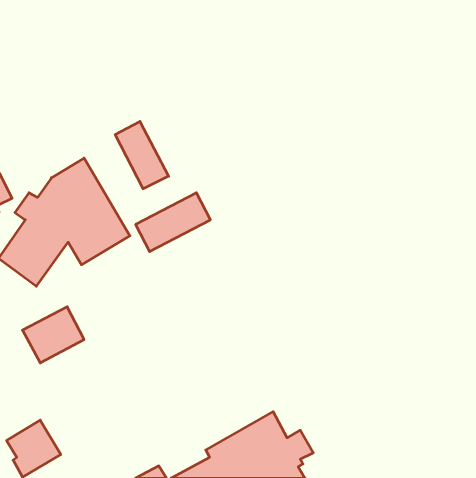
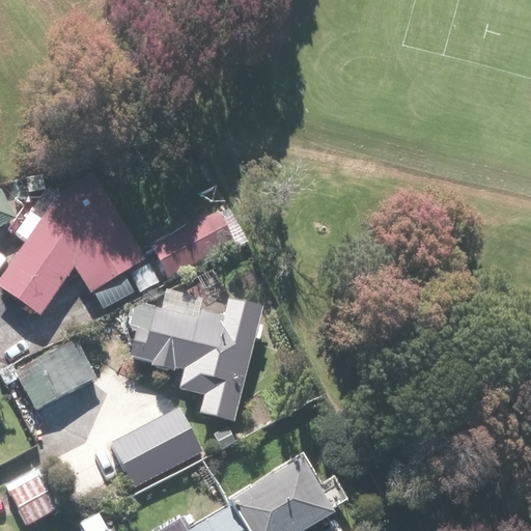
building: [115,121,169,189] -> none
building: none -> [145,289,261,422]
building: none -> [95,406,191,483]

